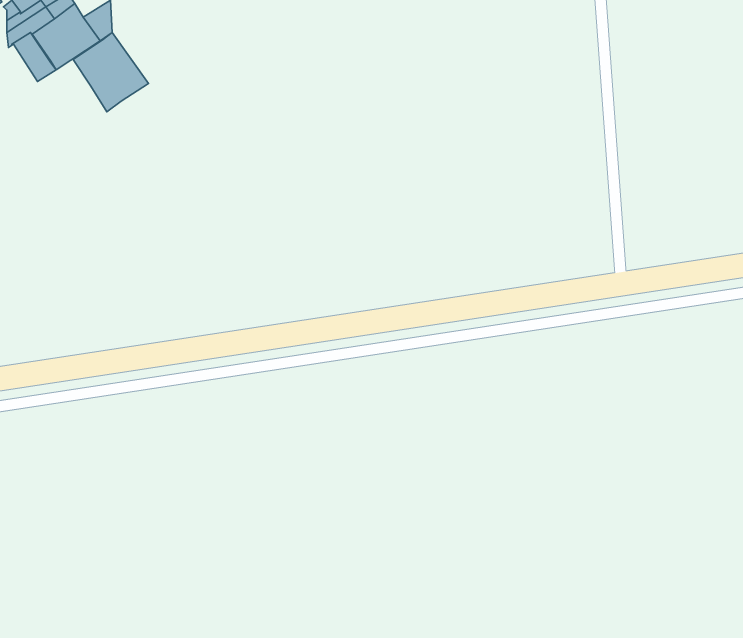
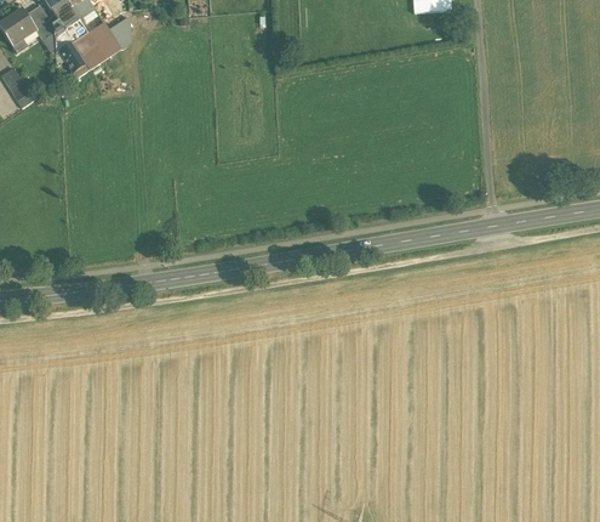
building: [73,32,148,112] -> none

